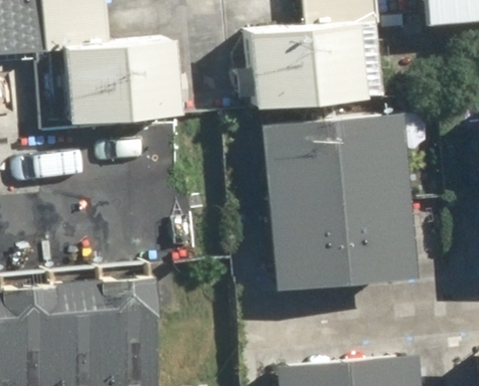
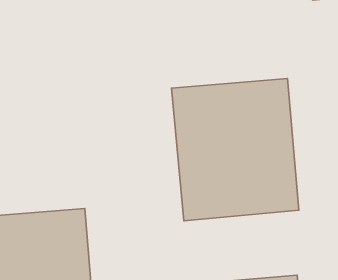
building: [250,23,366,109] -> none
building: [64,39,181,125] -> none

